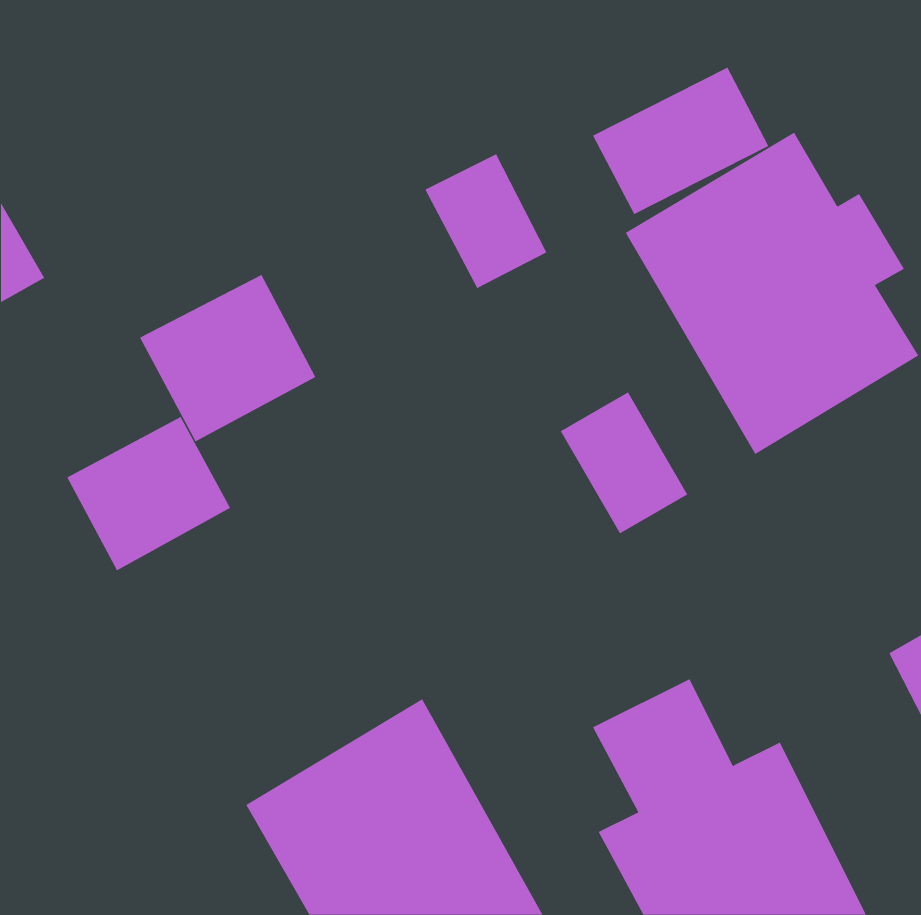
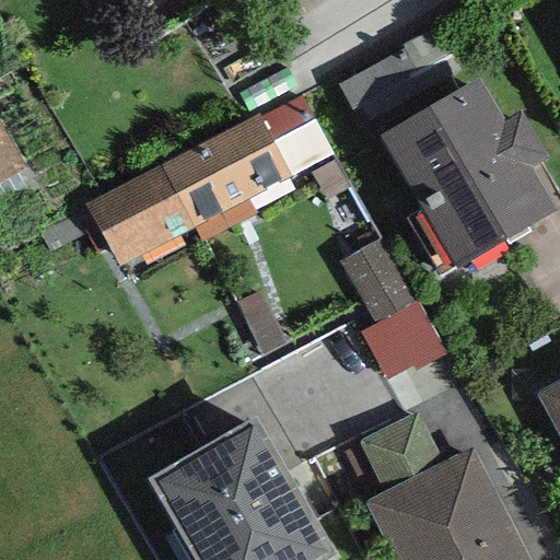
building: none -> [160,115,291,229]
building: [66,416,231,571] -> none
building: none -> [360,300,446,380]

